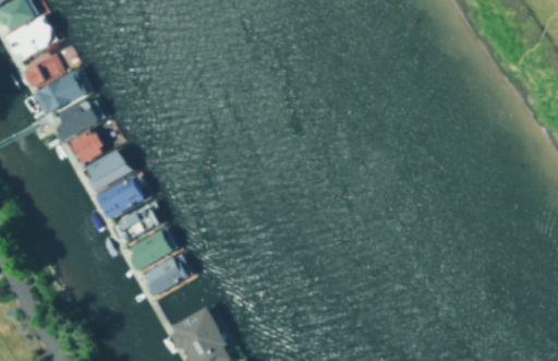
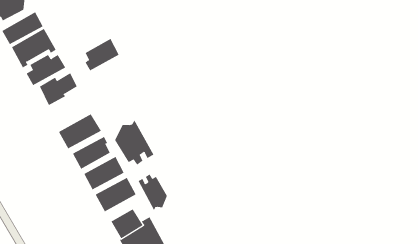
building: [87,148,131,190] -> [85,38,120,71]
building: none -> [115,120,154,166]
building: none -> [138,173,167,211]

